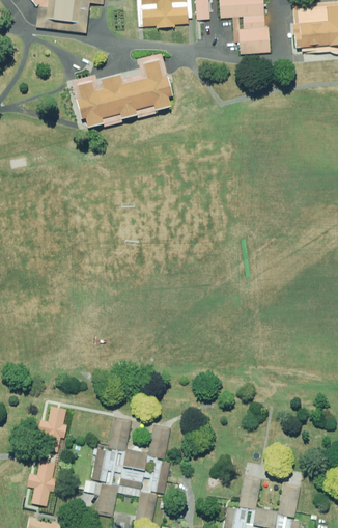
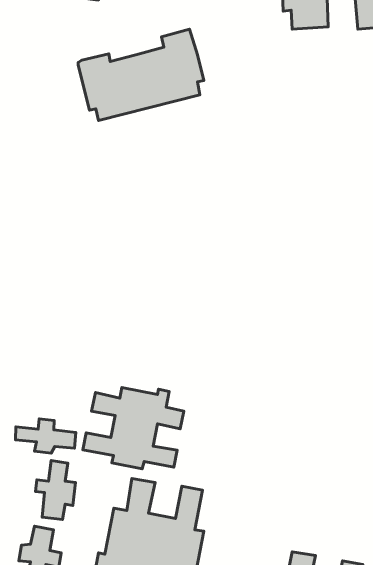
building: none -> [83,388,184,469]
building: none -> [15,419,76,453]

